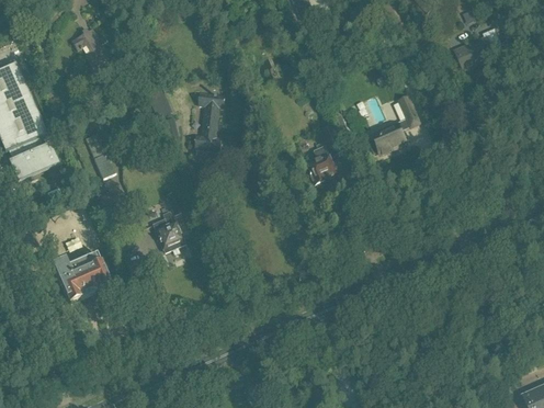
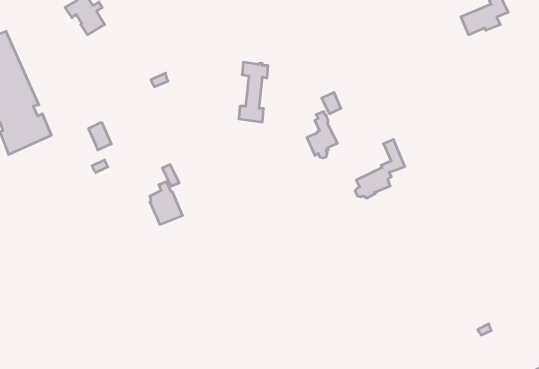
building: [195,92,224,150] -> [239,62,268,122]
building: [372,95,420,152] -> [355,139,405,198]
building: [52,252,110,304] -> none

